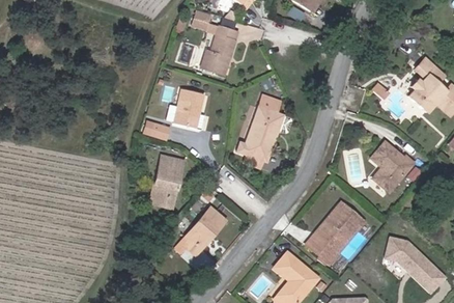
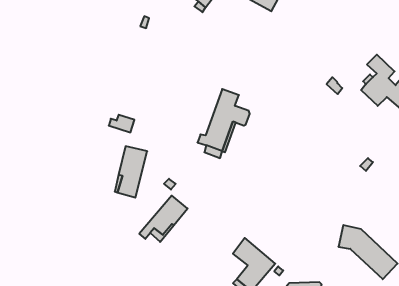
building: [191,19,237,75] -> none
building: [173,88,204,128] -> none
building: [371,142,413,191] -> none
building: [306,202,364,265] -> none

